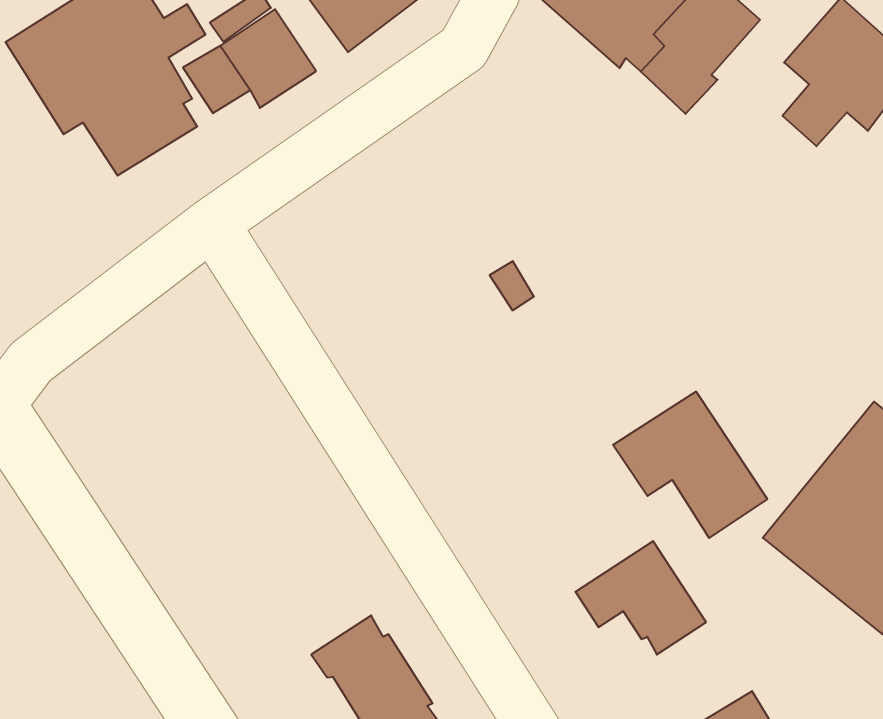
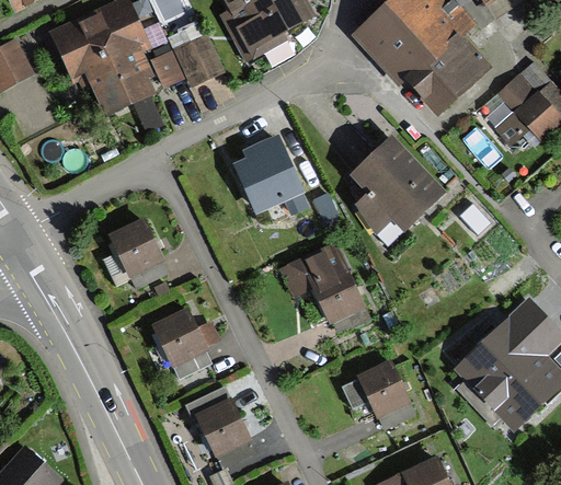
building: none -> [353,139,448,235]
building: none -> [234,139,308,213]
building: none -> [104,218,165,286]
building: [613,392,767,538] -> [279,240,365,325]
building: none -> [149,307,220,378]

